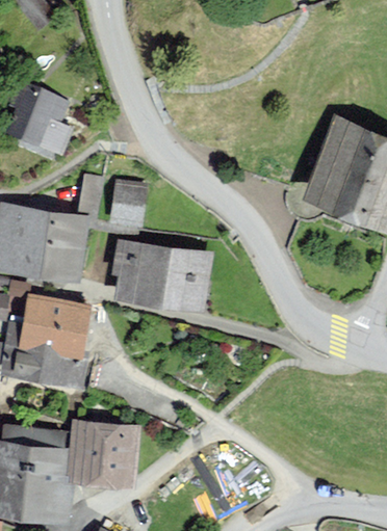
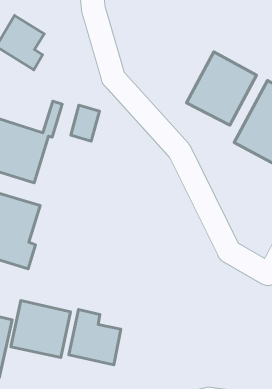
building: none -> [187,52,257,125]
building: [114,238,209,309] -> none
building: none -> [69,310,121,365]

